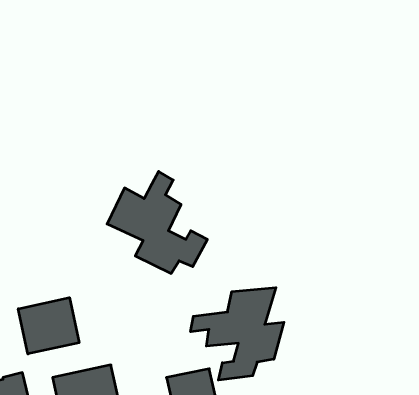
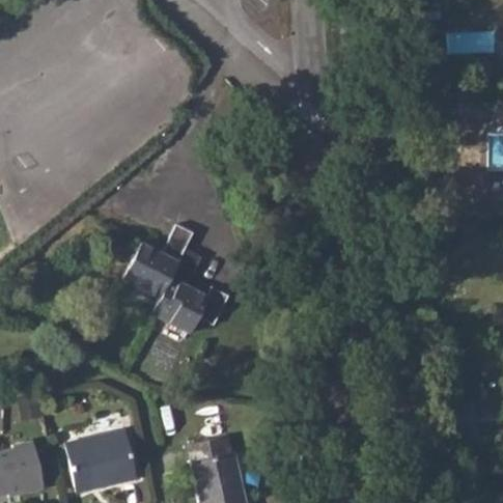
building: [191,288,284,380] -> none
building: [18,298,79,354] -> none

